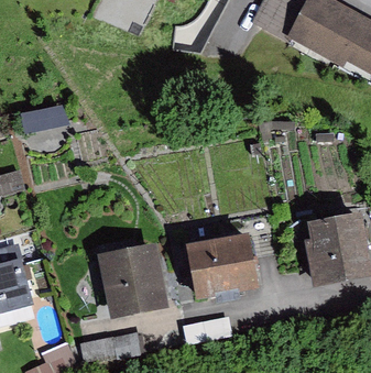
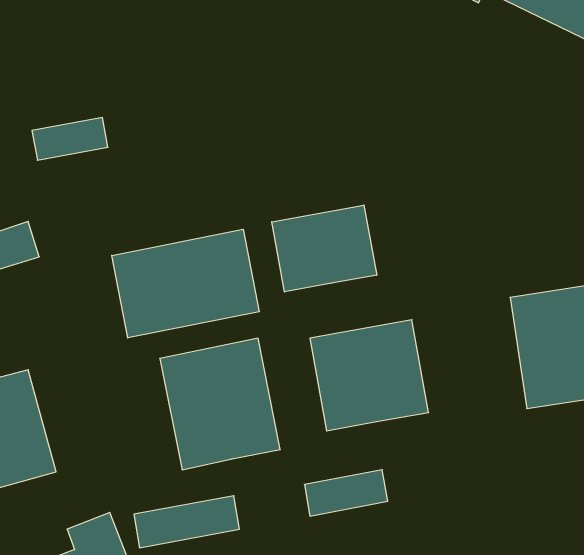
building: none -> [272,205,377,292]
building: none -> [112,229,259,338]

